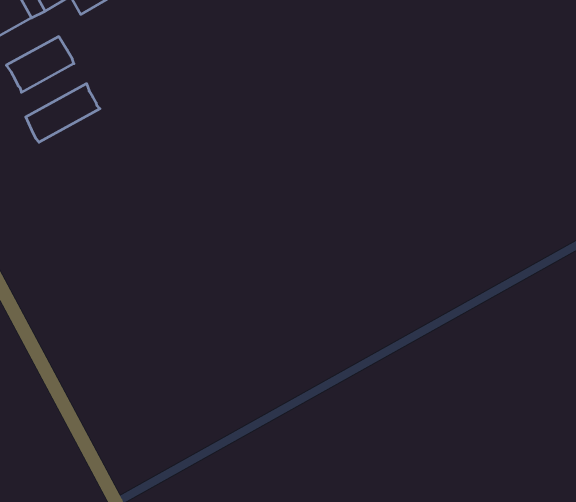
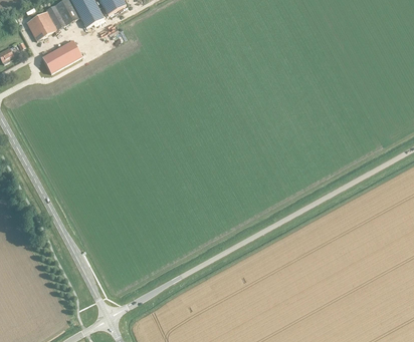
building: [26,84,100,142] -> none

